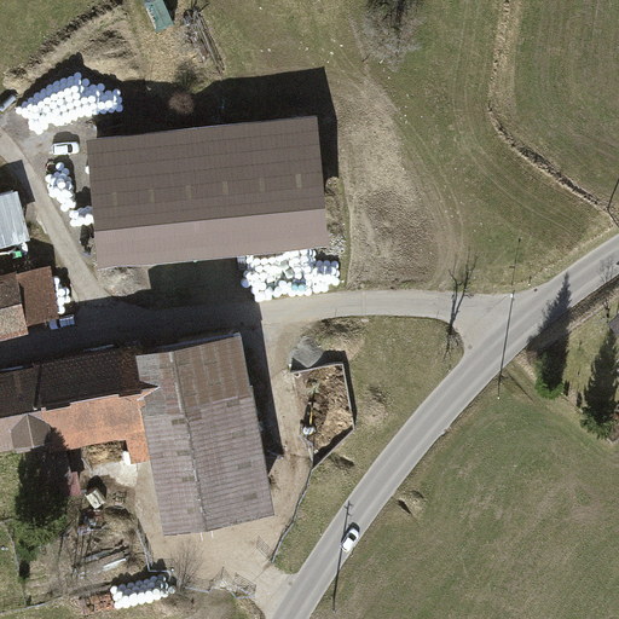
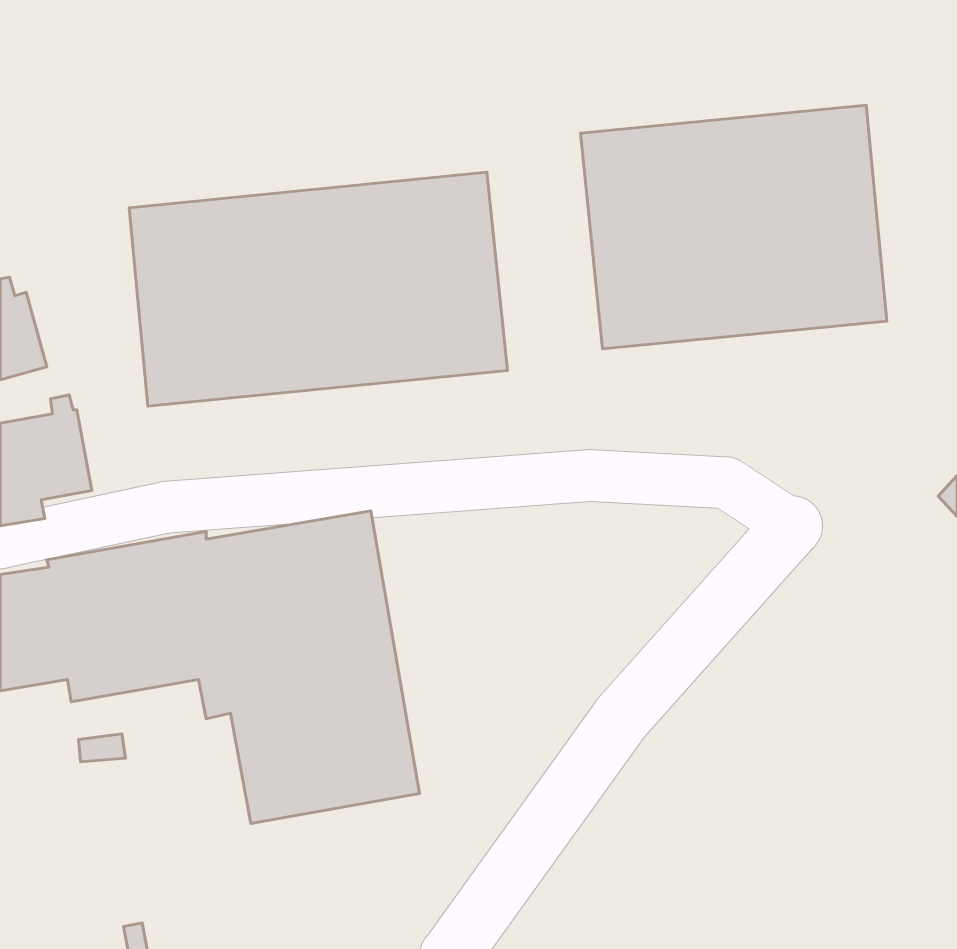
building: none -> [580,105,887,349]

